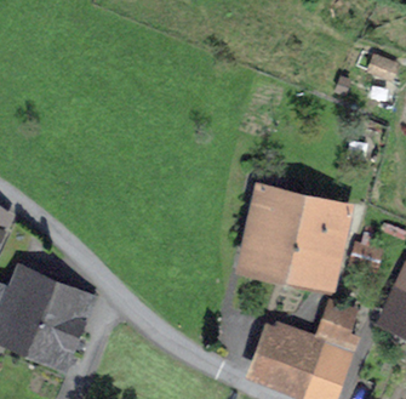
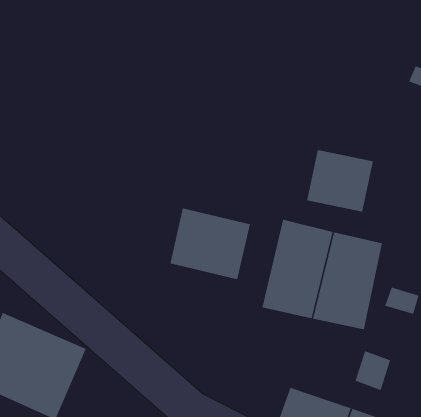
building: none -> [306,149,374,213]
building: none -> [169,208,251,280]

